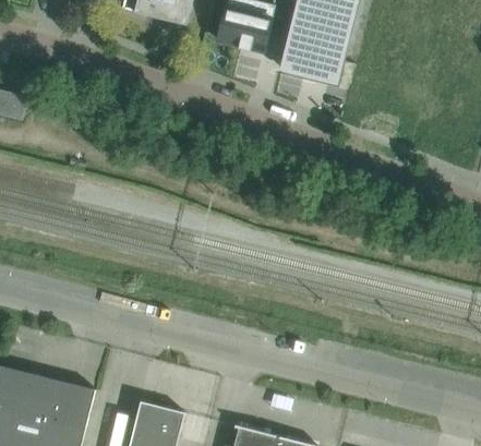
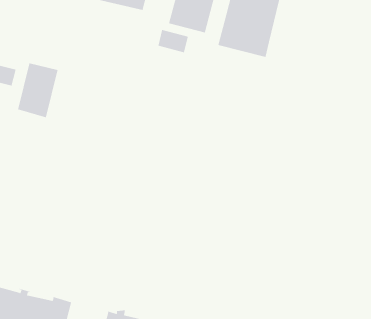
building: none -> [158,29,188,53]
building: none -> [17,62,58,118]

